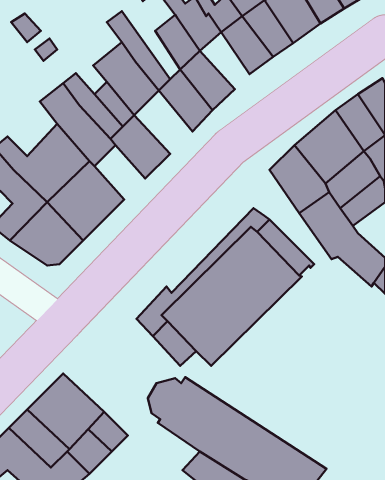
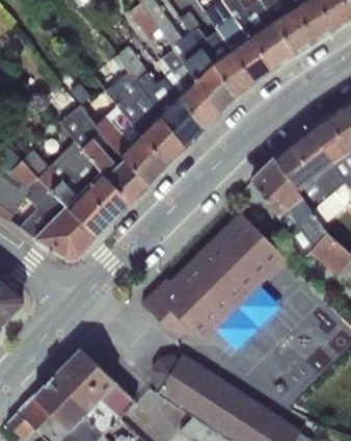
building: none -> [194,63,236,111]
building: none -> [139,112,188,165]
building: none -> [106,158,149,204]

